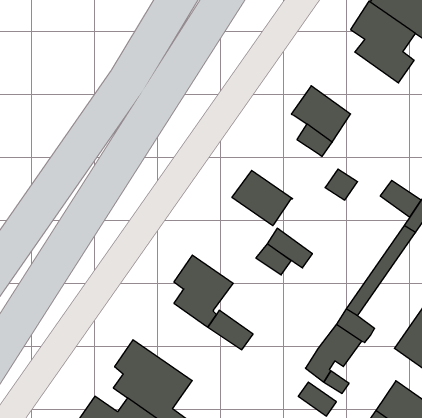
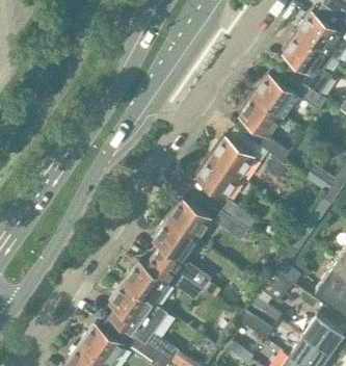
building: none -> [255,72,326,117]
building: none -> [211,138,256,180]
building: none -> [167,201,212,242]
building: none -> [124,257,176,305]

